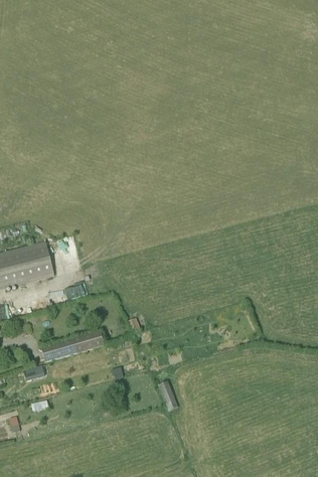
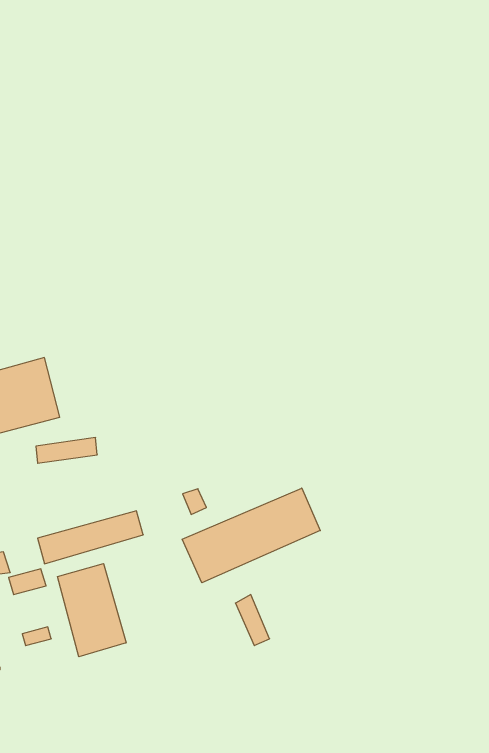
building: none -> [182,488,320,583]
building: none -> [57,564,126,657]

